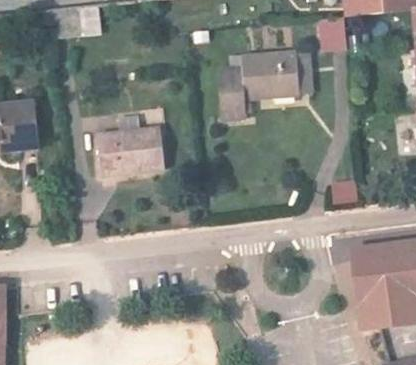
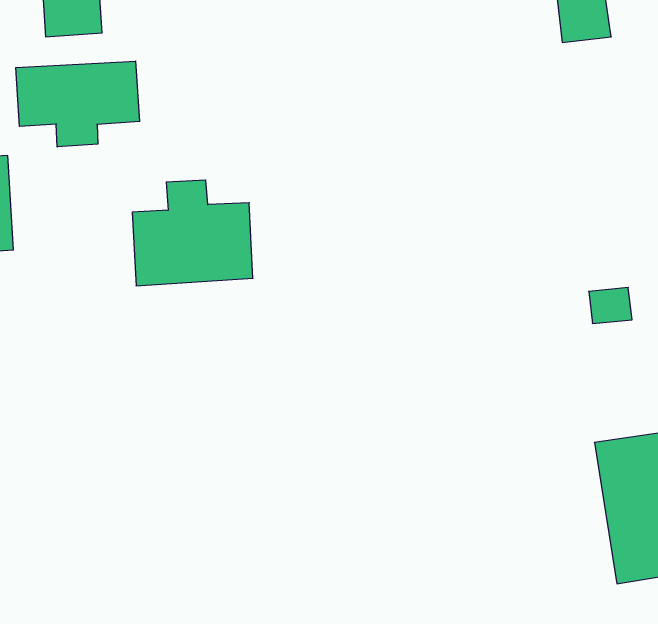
building: none -> [16,61,140,147]
building: [223,63,306,123] -> none

